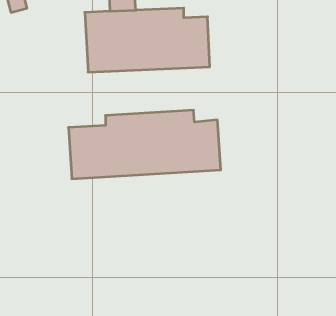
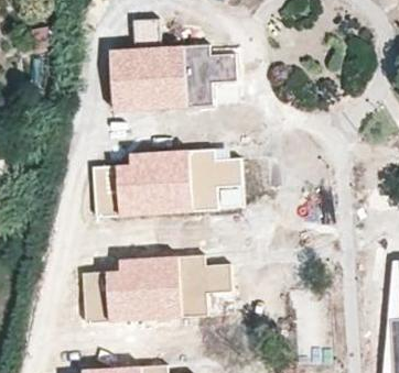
building: none -> [80,254,234,322]

